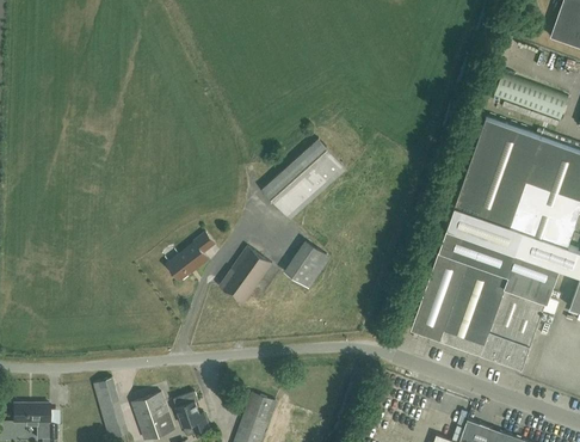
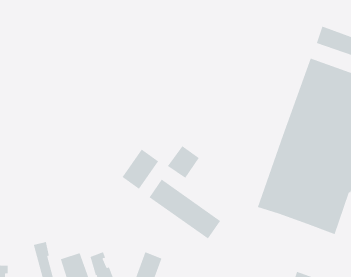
building: [263,140,346,221] -> none
building: [166,233,215,282] -> none
building: none -> [148,179,221,240]

